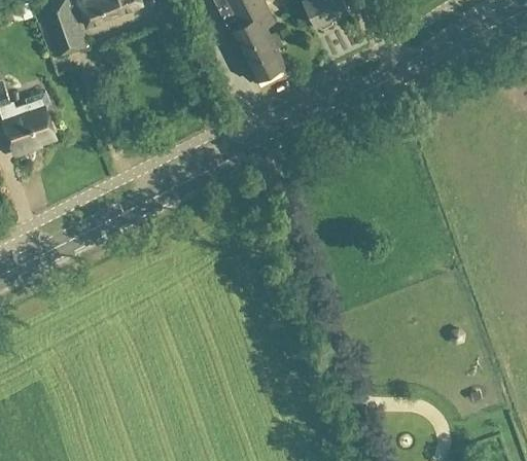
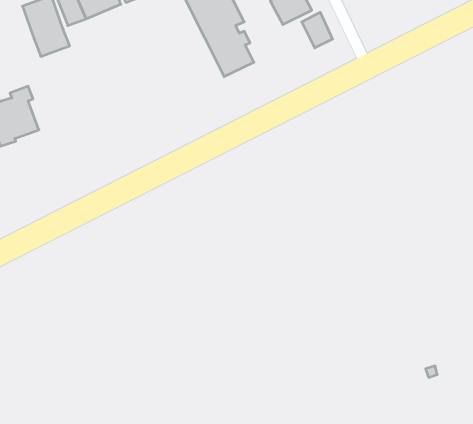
building: none -> [302,12,333,48]

